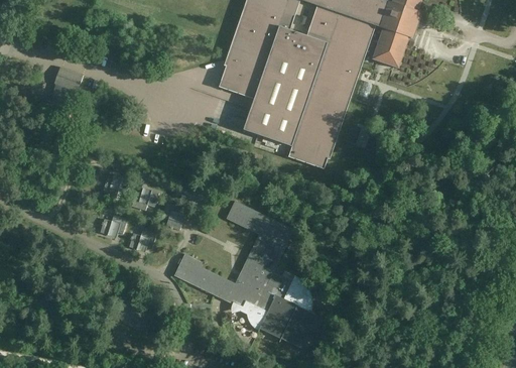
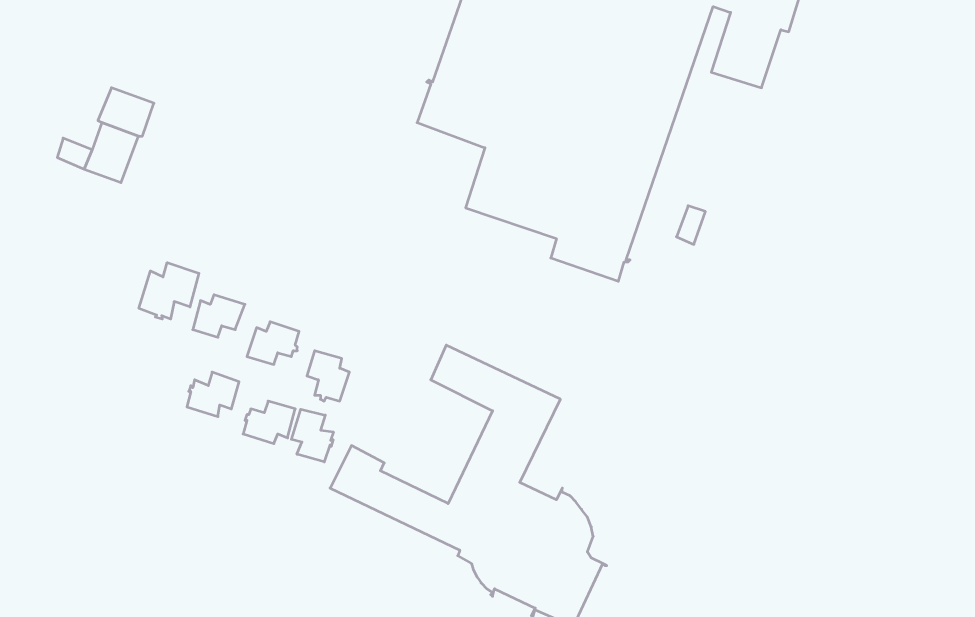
building: none -> [139,263,199,319]
building: none -> [291,409,333,462]

